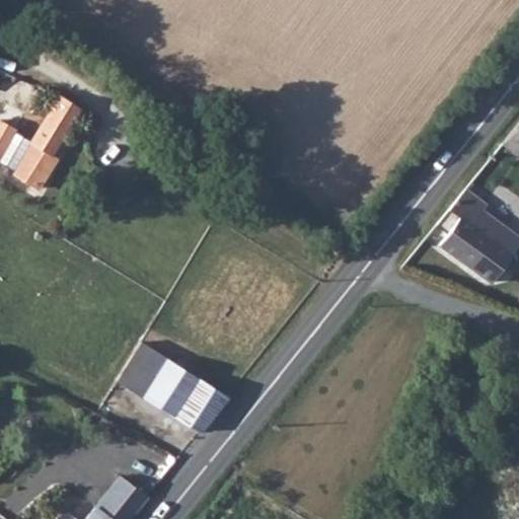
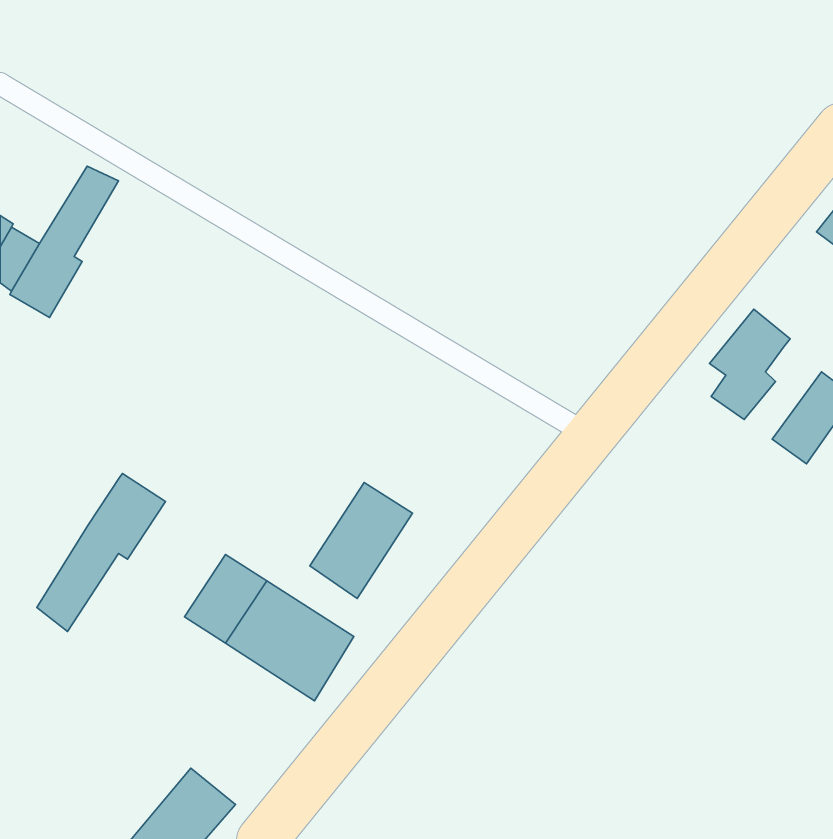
building: [463,215,511,272] -> none
building: none -> [37,473,165,631]
building: none -> [310,482,413,599]

